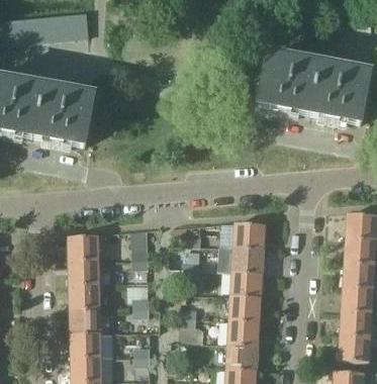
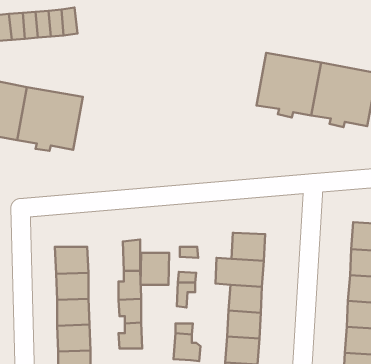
building: none -> [141,253,169,285]

